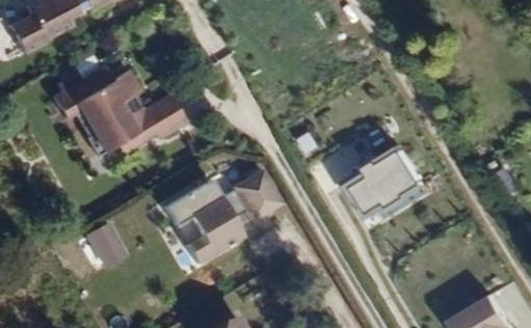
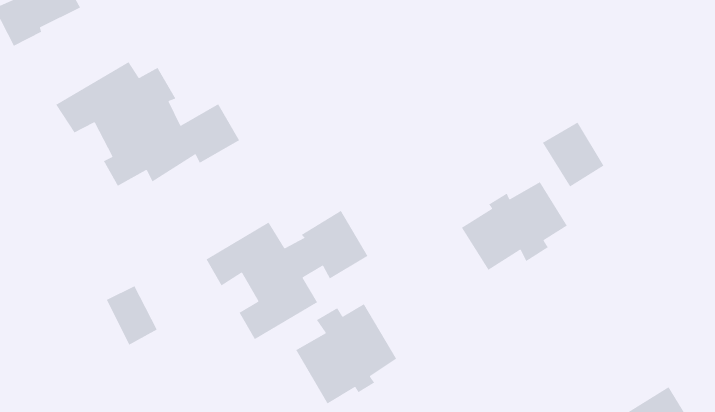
building: none -> [542,121,605,188]
building: none -> [295,303,397,404]

